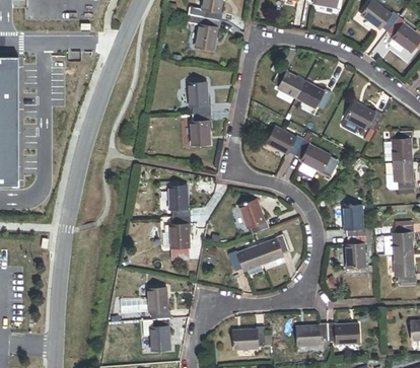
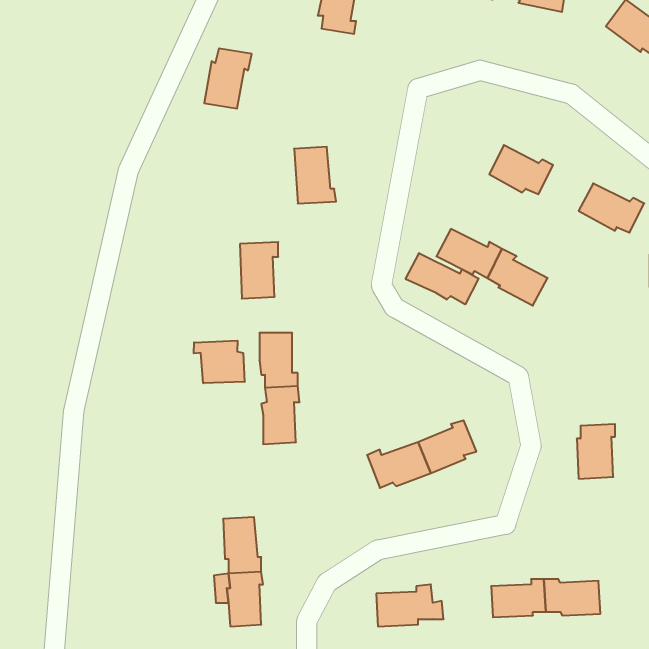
building: [196,17,222,51] -> [204,48,252,109]
building: [274,67,305,98] -> none
building: [191,114,212,145] -> [240,242,278,299]
building: none -> [406,253,479,304]
building: none -> [194,341,245,383]
building: [240,201,270,234] -> none
building: [344,206,367,238] -> none

